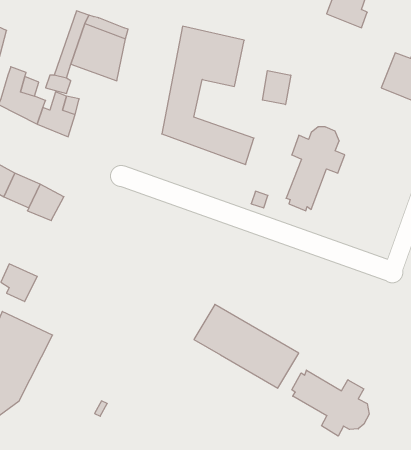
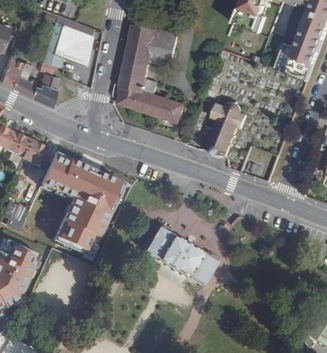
building: [262,71,291,105] -> none
building: none -> [42,144,125,248]
building: [292,370,369,436] -> none

